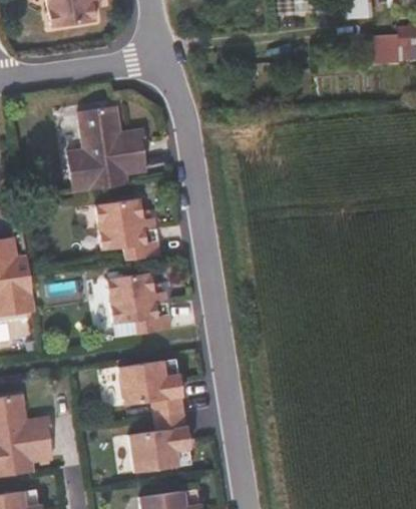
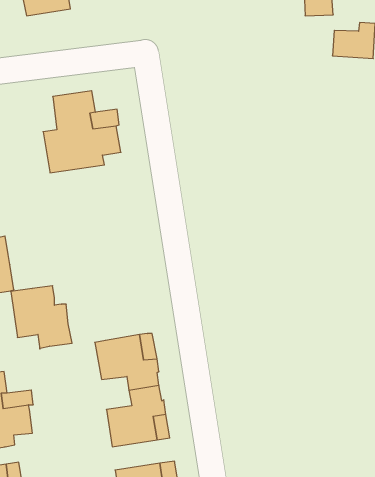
building: [94,198,157,260] -> none
building: [106,271,169,336] -> [11,286,72,349]

